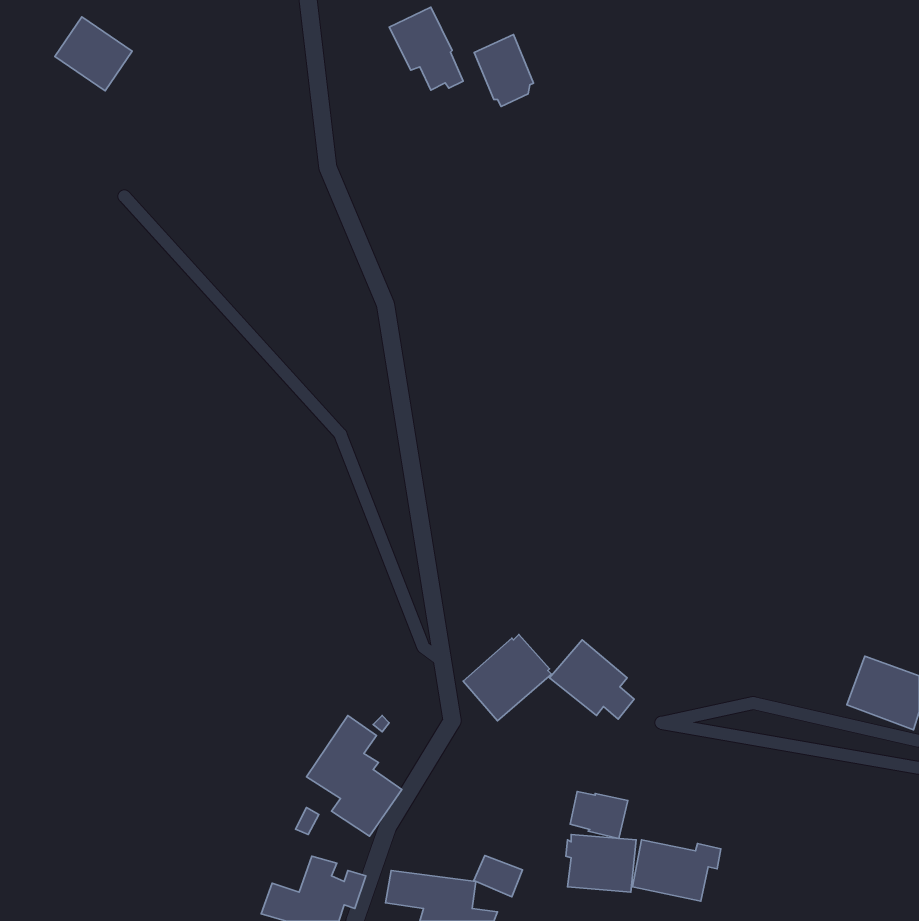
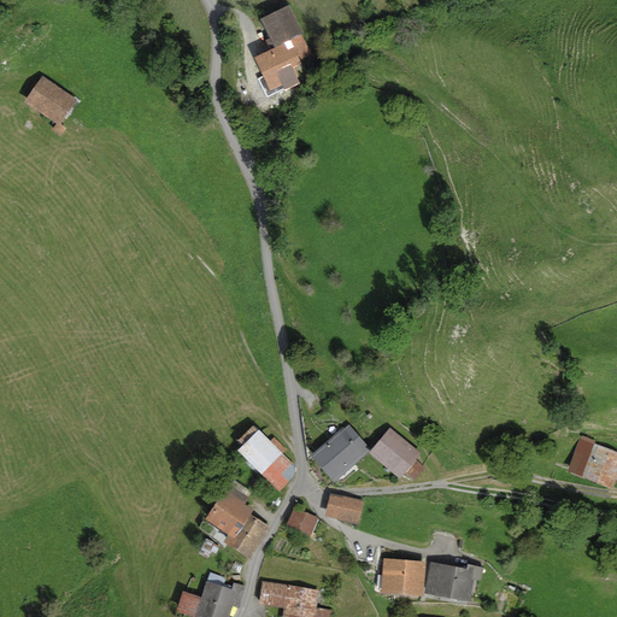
building: [55,17,132,91] -> [23,76,75,125]
building: [474,34,533,107] -> [254,45,294,93]
building: none -> [236,424,294,492]
building: [570,792,628,838] -> [324,494,363,525]
building: [474,855,523,897] -> [286,507,318,535]

